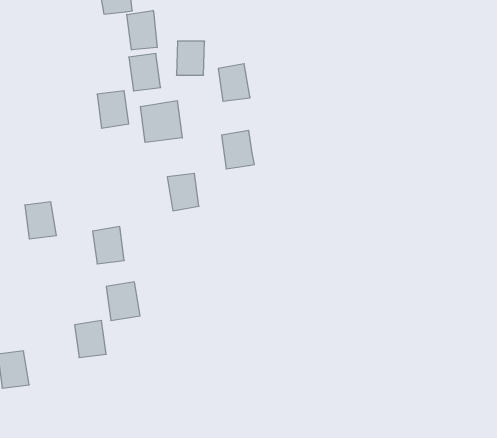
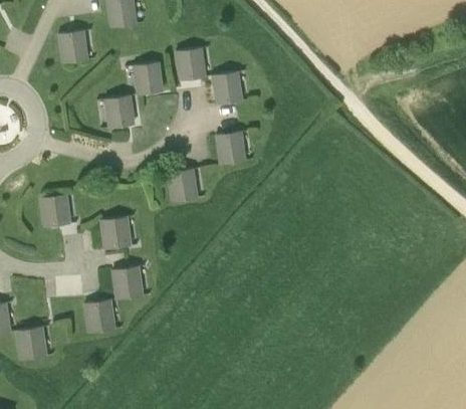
building: [127,10,157,50] -> none
building: none -> [58,30,86,63]
building: [141,101,182,142] -> none

